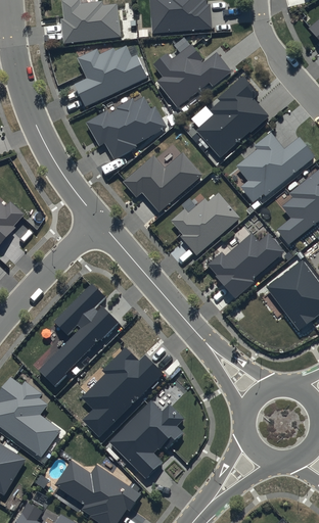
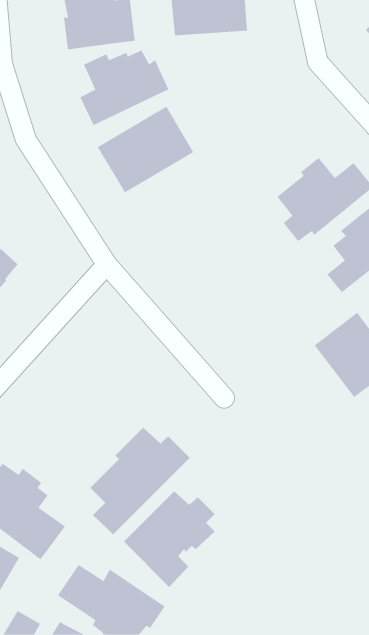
building: [152,39,231,103] -> none
building: [194,70,268,153] -> none
building: [123,148,202,208] -> none
building: [170,187,241,251] -> none
building: [208,228,284,295] -> none
building: [40,282,121,387] -> none

